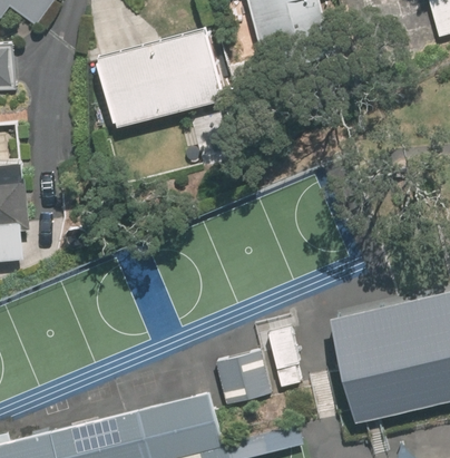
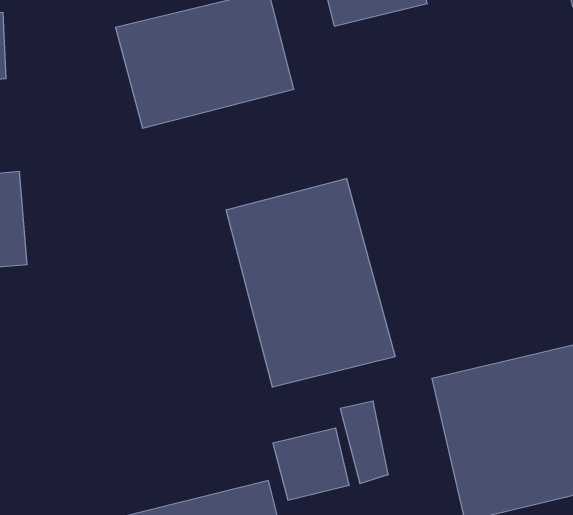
building: none -> [226,178,395,387]

